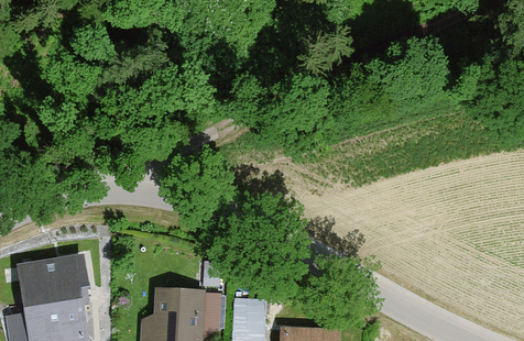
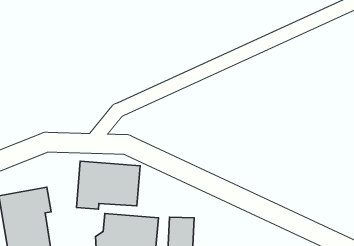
building: none -> [77,161,140,209]

